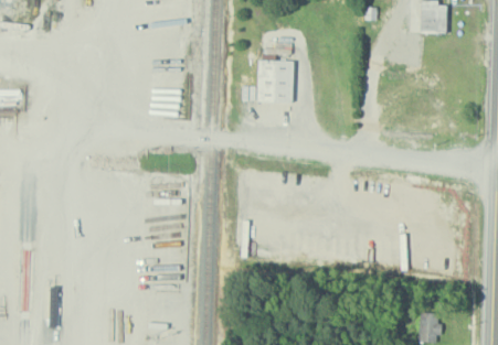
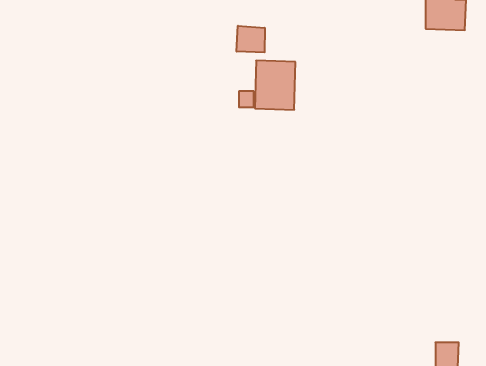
building: none -> [237,26,265,52]

